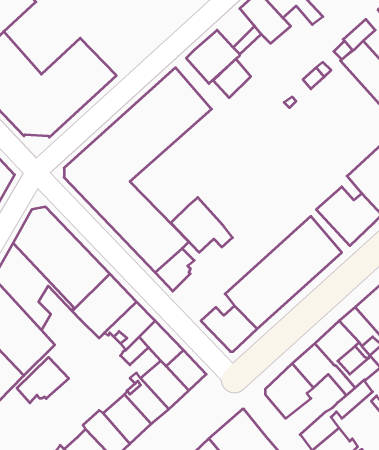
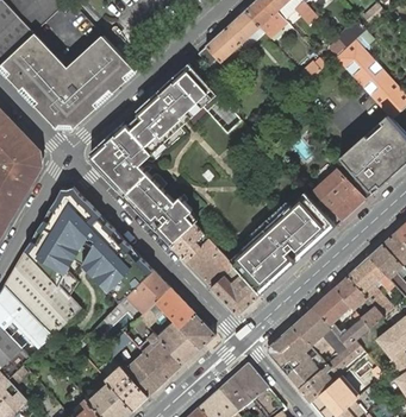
building: [213,59,251,98] -> [224,11,257,45]
building: [171,197,233,252] -> [185,239,239,288]
building: [17,357,69,403] -> none
building: none -> [285,356,326,388]

